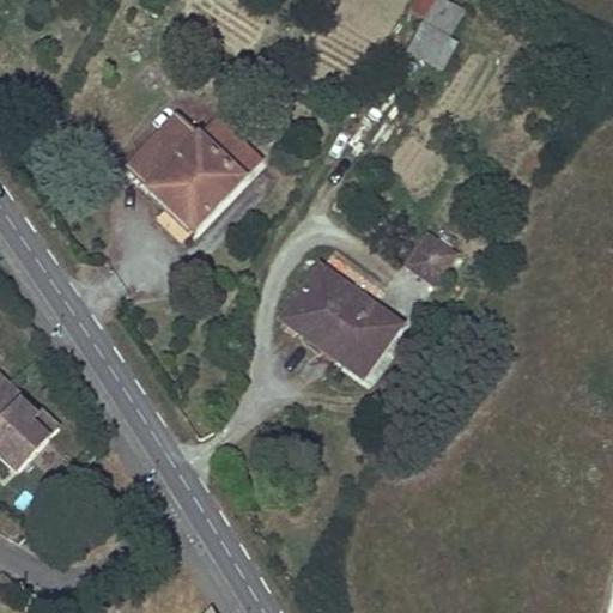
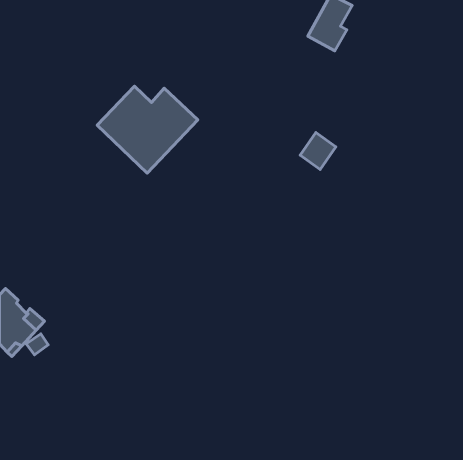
building: [407,233,454,283] -> [300,132,336,170]
building: [283,266,399,375] -> none

